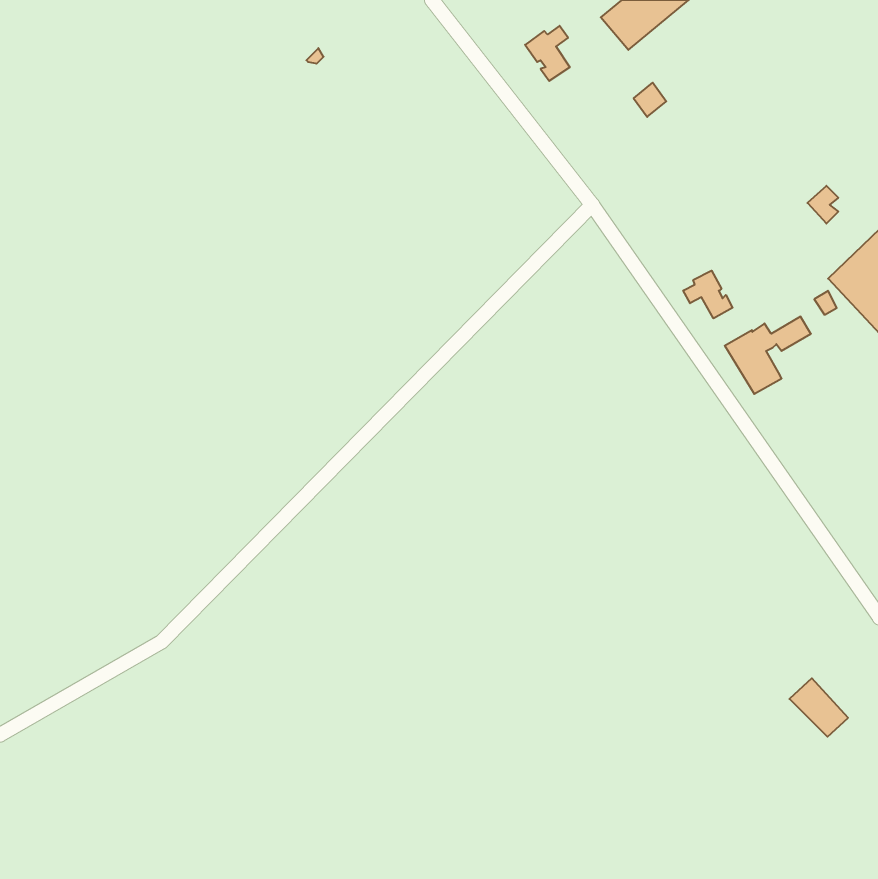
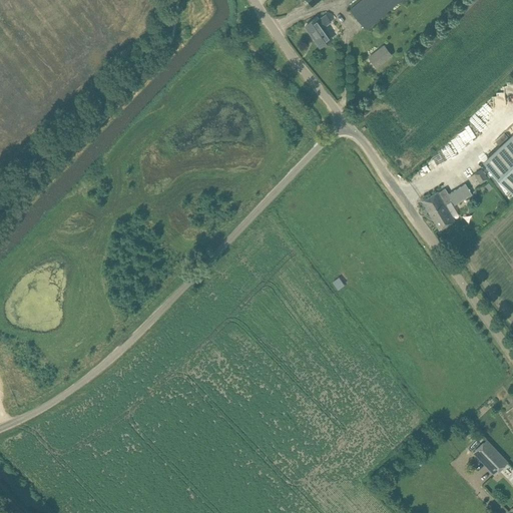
building: [683,271,733,318] -> none
building: [789,678,848,737] -> [474,440,508,474]

